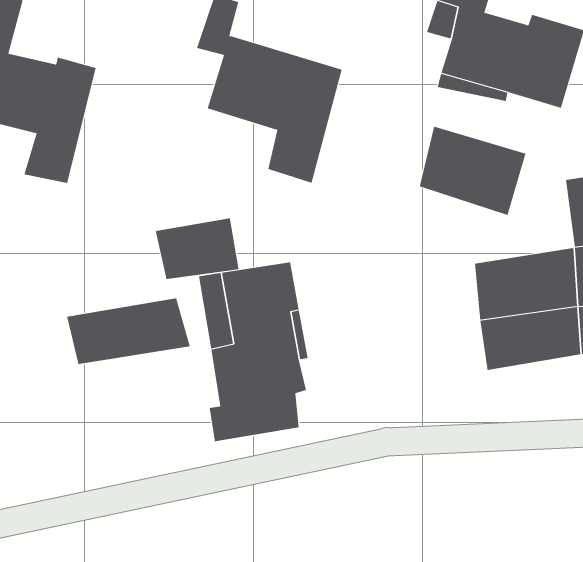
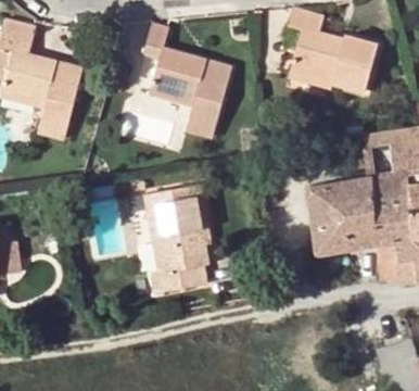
building: [419,126,526,216] -> none
building: [155,218,239,280] -> none
building: [67,298,190,365] -> none

